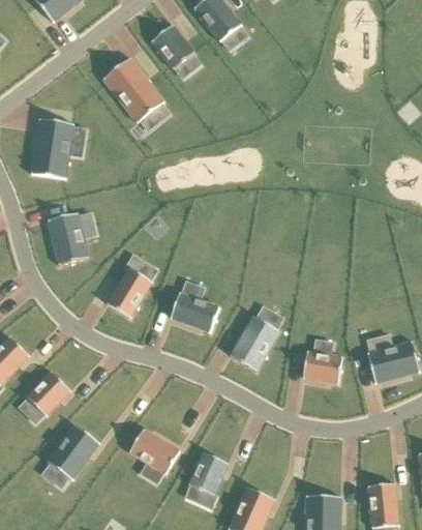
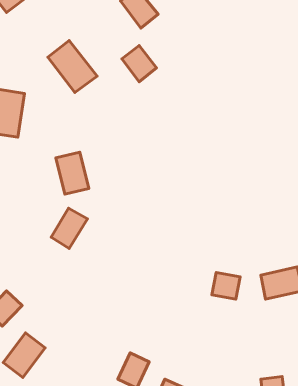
building: [150,25,193,70] -> [122,46,157,82]
building: [47,213,88,266] -> [56,152,89,194]
building: [169,293,218,332] -> none
building: [229,315,277,371] -> none
building: [128,426,179,471] -> none

